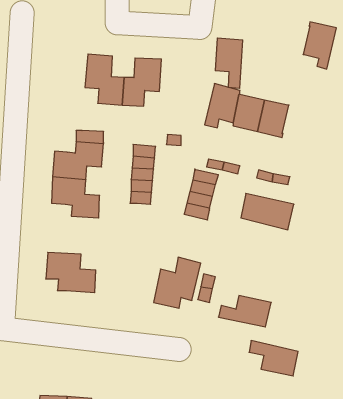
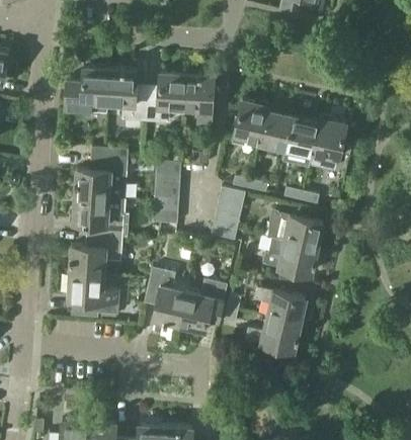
building: [303,22,336,69] -> [312,118,346,167]
building: [215,38,243,88] -> [185,75,214,126]
building: none -> [65,68,111,114]
building: none -> [70,237,122,276]
building: none -> [263,239,318,276]
building: none -> [146,268,186,326]
building: [249,341,298,376] -> [255,289,306,326]

